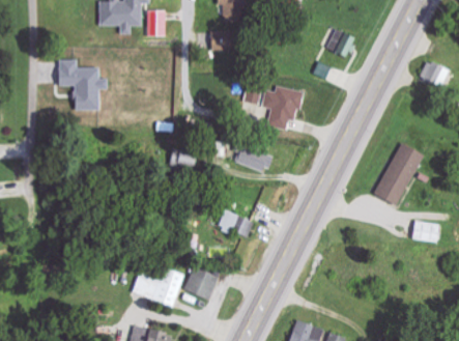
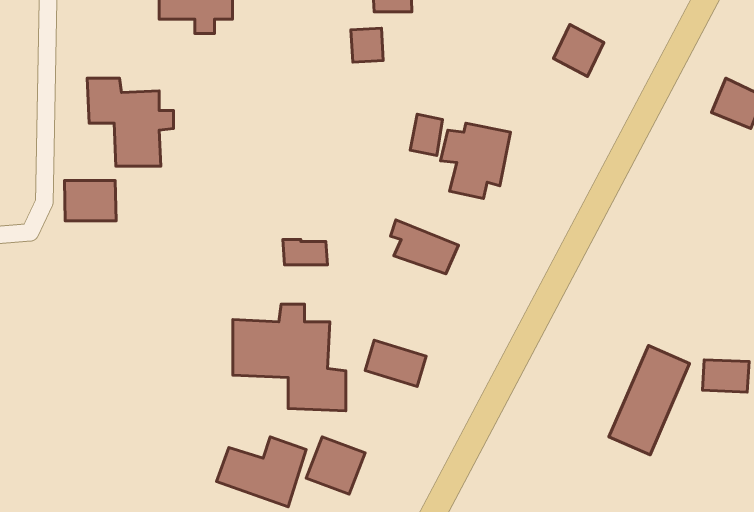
building: none -> [64,181,116,221]
building: [375,142,422,205] -> [609,345,690,455]
building: none -> [233,304,346,411]

